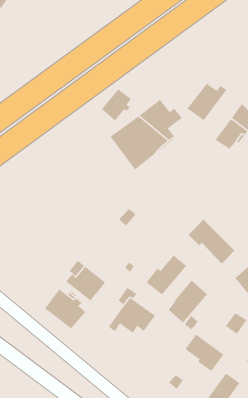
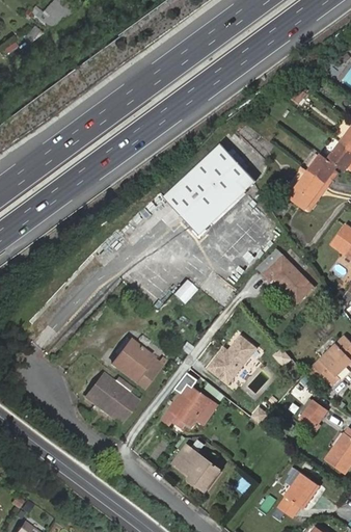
building: [187,83,228,121] -> none
building: [101,88,132,121] -> none
building: [188,219,235,264] -> [258,248,314,302]
building: [168,280,208,324] -> none
building: [184,333,225,372] -> [173,445,221,490]

